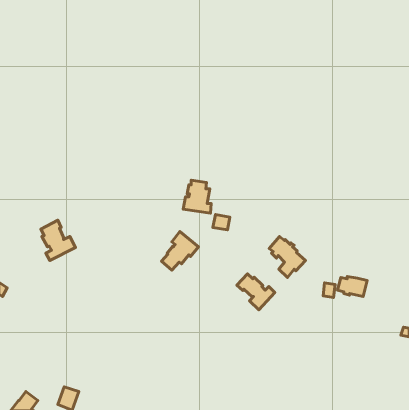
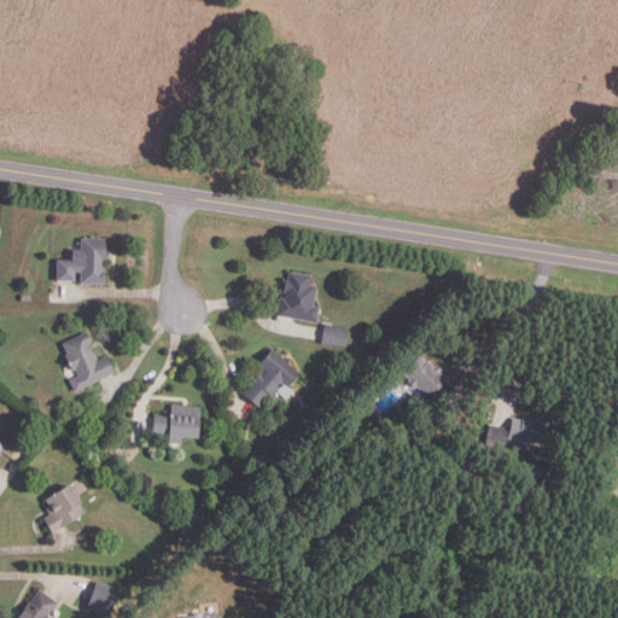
building: none -> [56,238,106,282]
building: none -> [151,403,199,444]
building: [237,274,275,310] -> none
building: none -> [42,484,84,531]

